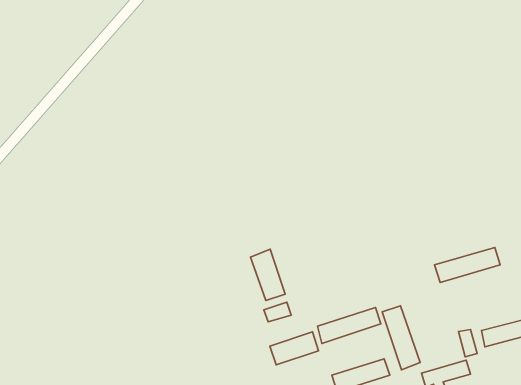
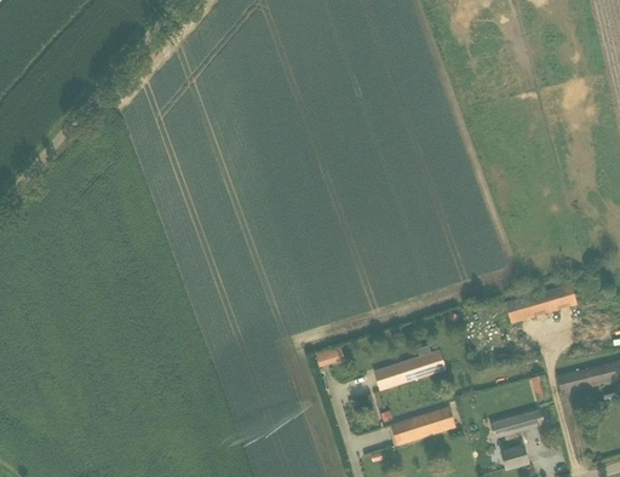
building: [250,249,285,301] -> none
building: [382,306,420,370] -> none
building: [270,332,319,365] -> none

